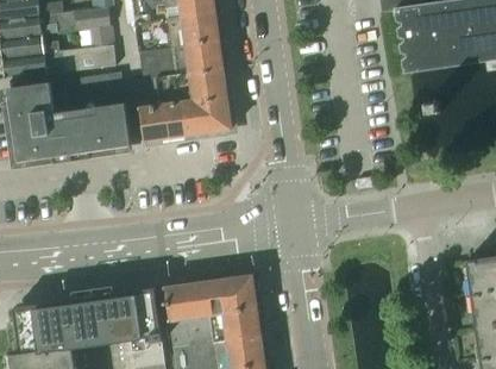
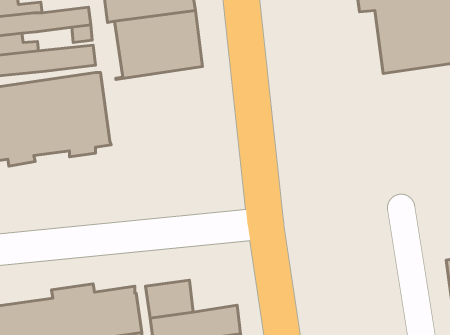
building: [137,68,233,140] -> none
building: [211,275,258,314] -> none

